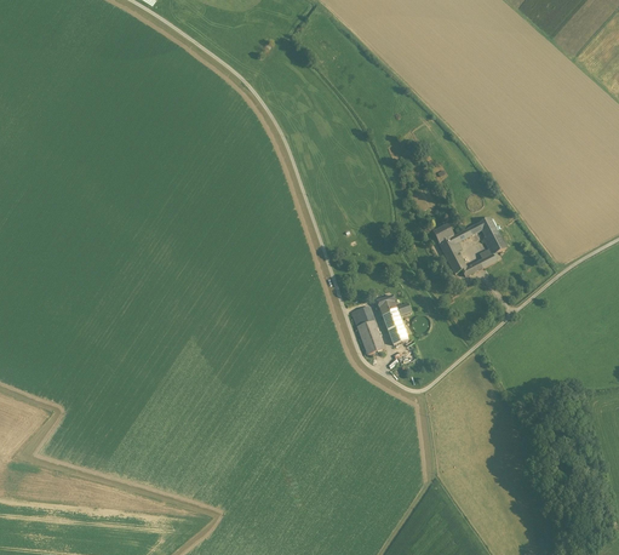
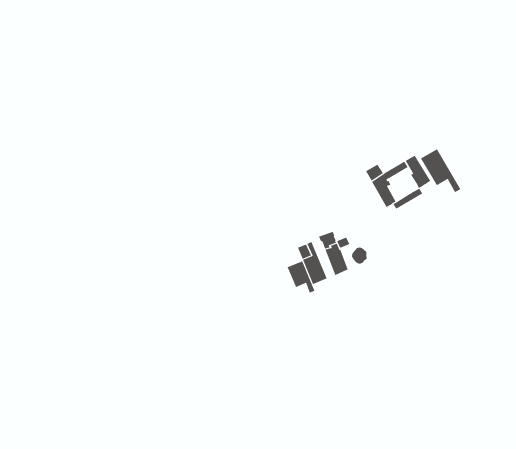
building: none -> [420,149,461,193]
building: none -> [287,261,315,293]

